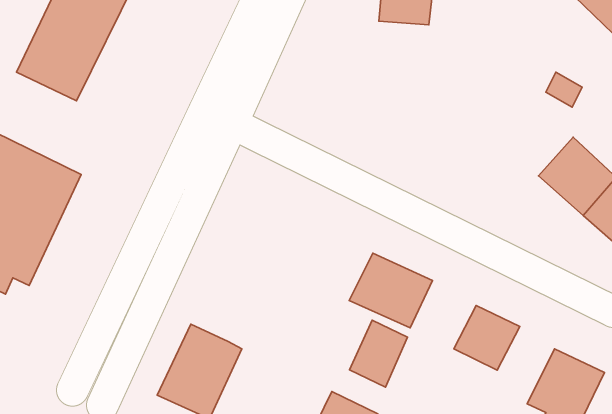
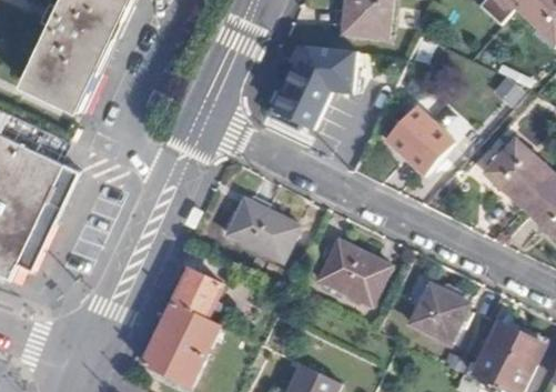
building: none -> [260,47,361,147]
building: none -> [385,105,455,175]
building: none -> [224,199,297,260]
building: none -> [174,269,224,318]
building: [349,320,407,387] -> none

